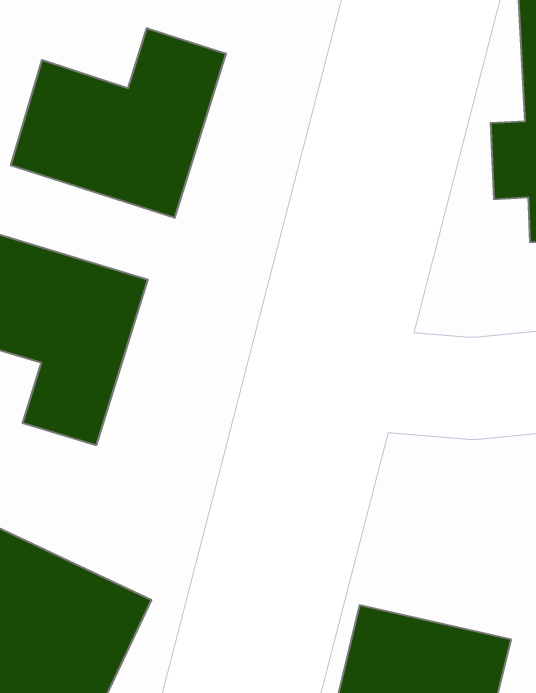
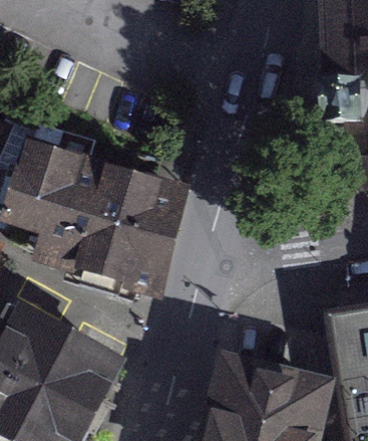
building: [11,28,226,218] -> none
building: none -> [83,170,164,282]

